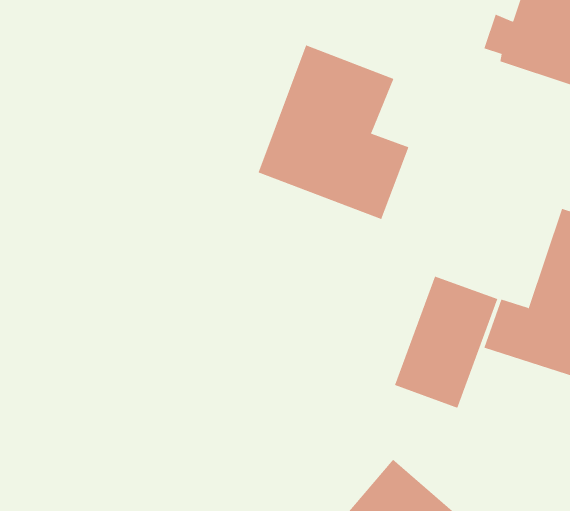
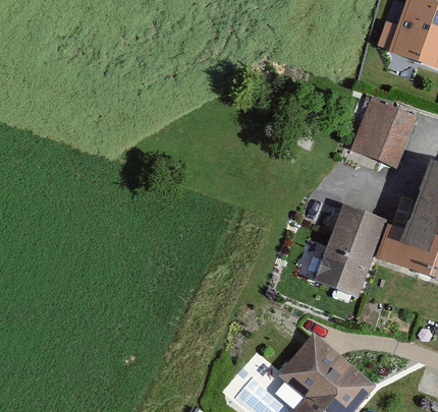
building: [258,45,409,220] -> none
building: none -> [348,97,416,166]

